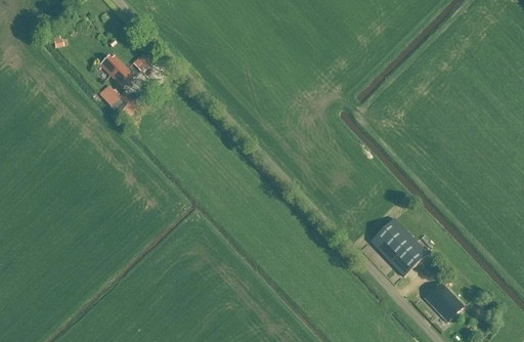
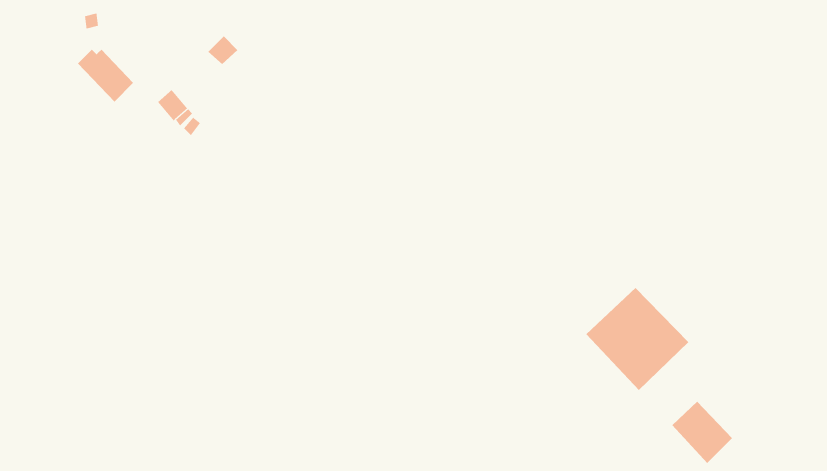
building: [98,54,134,88] -> [77,49,134,102]

